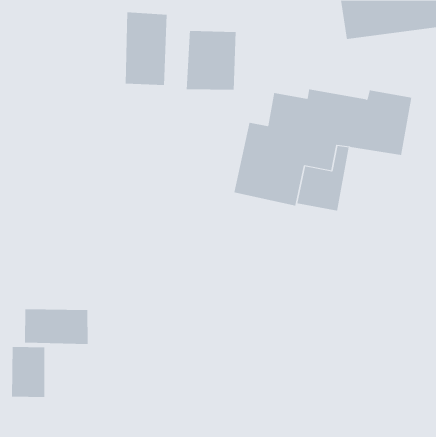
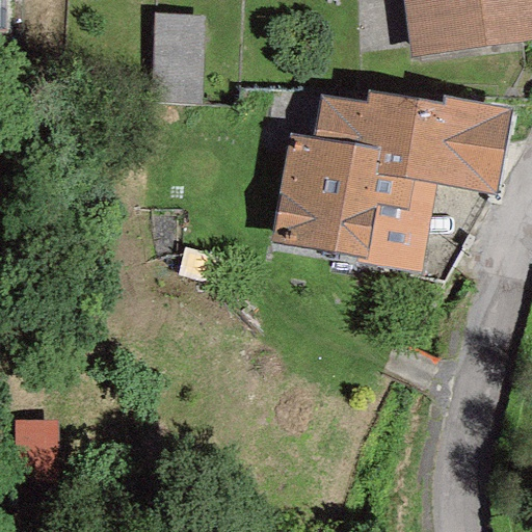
building: [186,30,236,91] -> none
building: [24,309,88,345] -> none

